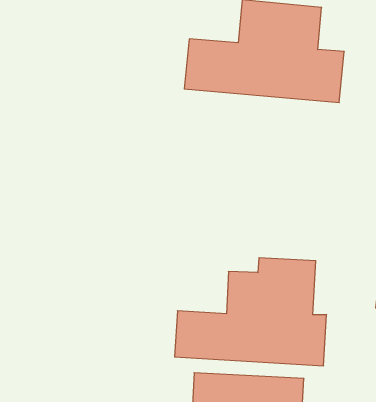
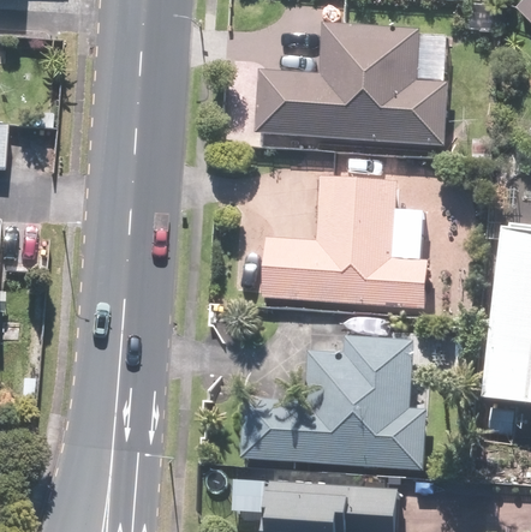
building: none -> [232,177,426,309]

